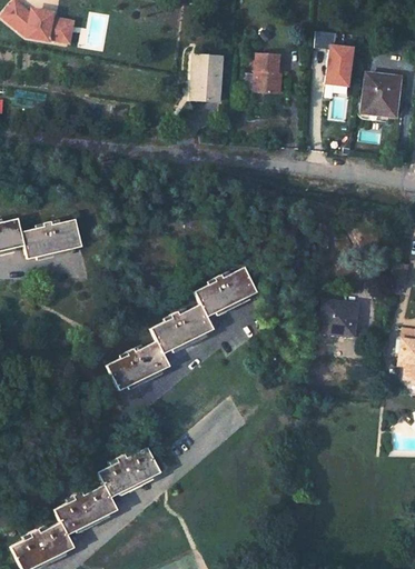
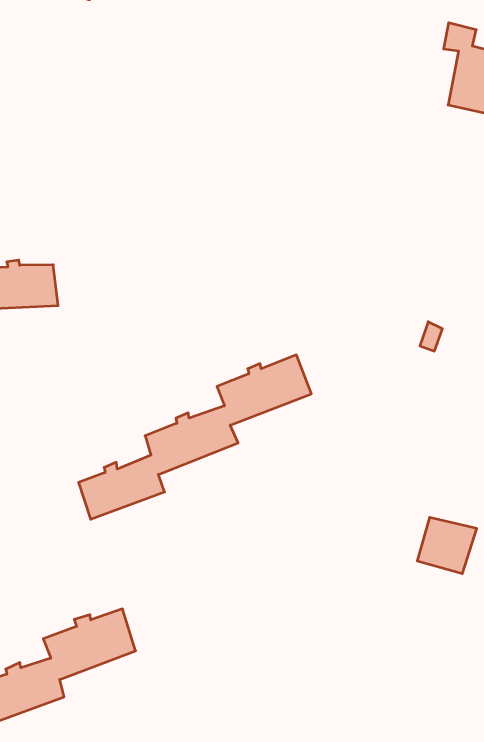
building: [255,44,284,87] -> none
building: [198,54,228,102] -> none
building: [326,296,363,330] -> [417,517,477,574]

